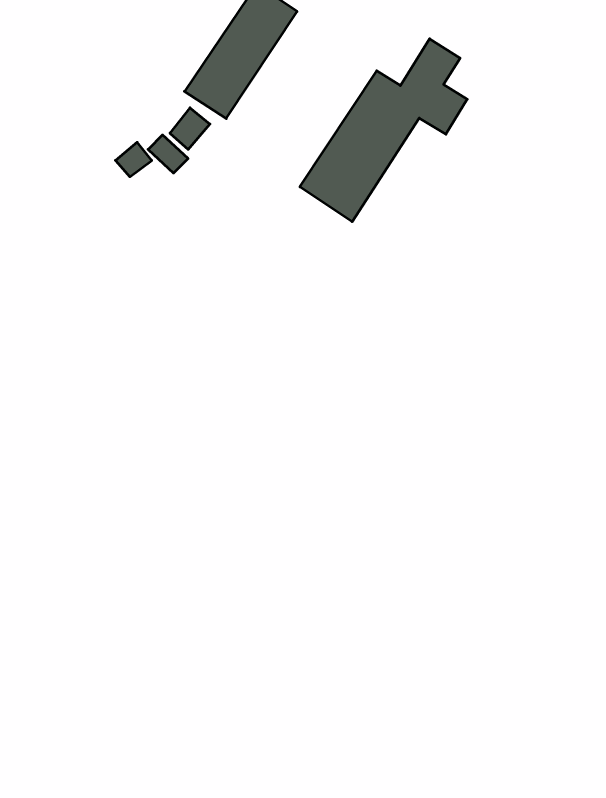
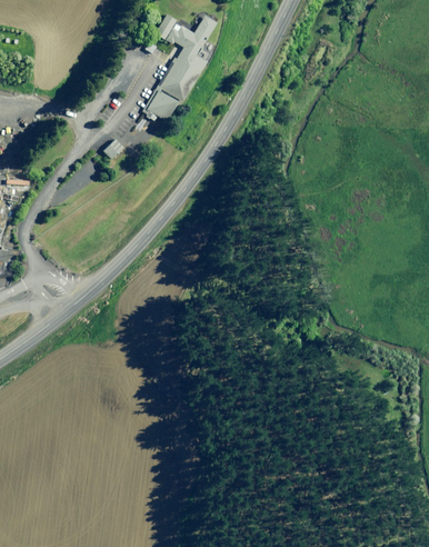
building: [300,39,467,222] -> none

